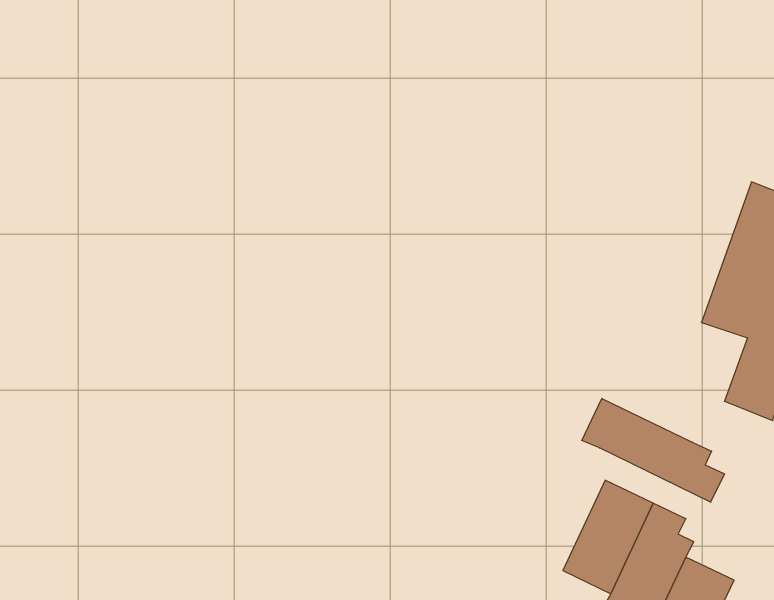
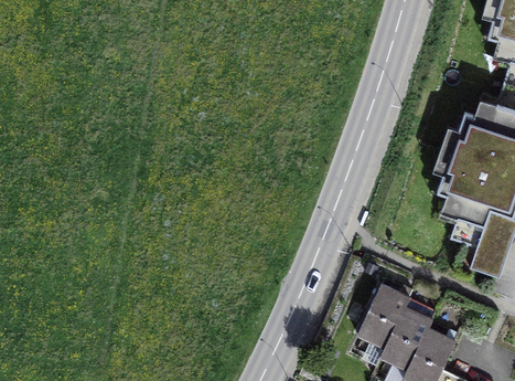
building: [582,398,725,502] -> none

